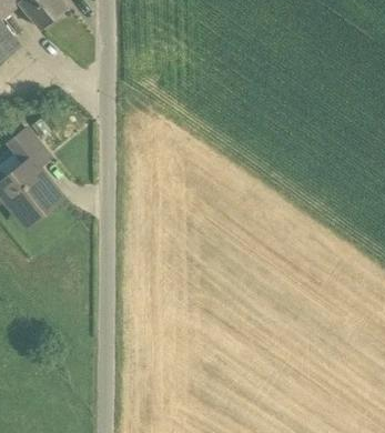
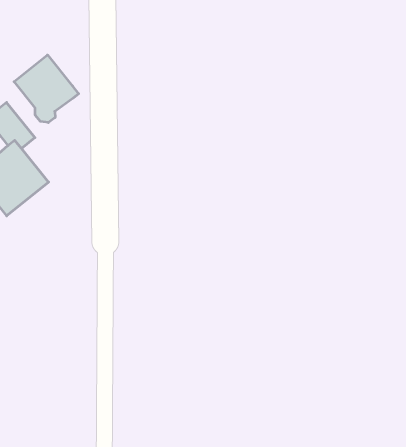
building: none -> [14,55,79,123]

